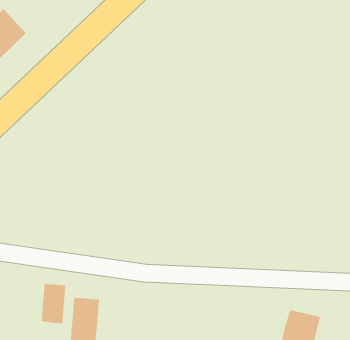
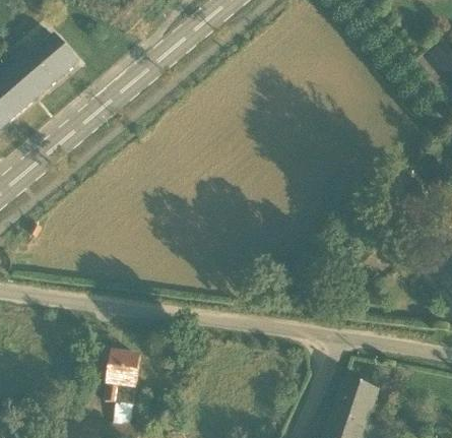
building: [41,283,66,325] -> none

